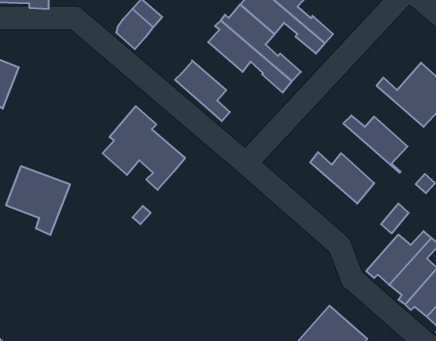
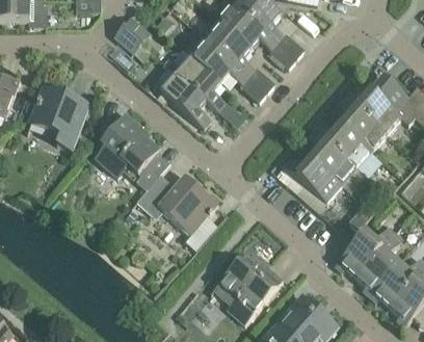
building: none -> [167,56,226,111]
building: none -> [338,96,387,151]
building: none -> [308,130,365,191]
building: [6,166,70,235] -> [30,87,88,150]
building: none -> [136,174,218,235]
building: none -> [213,248,283,322]

